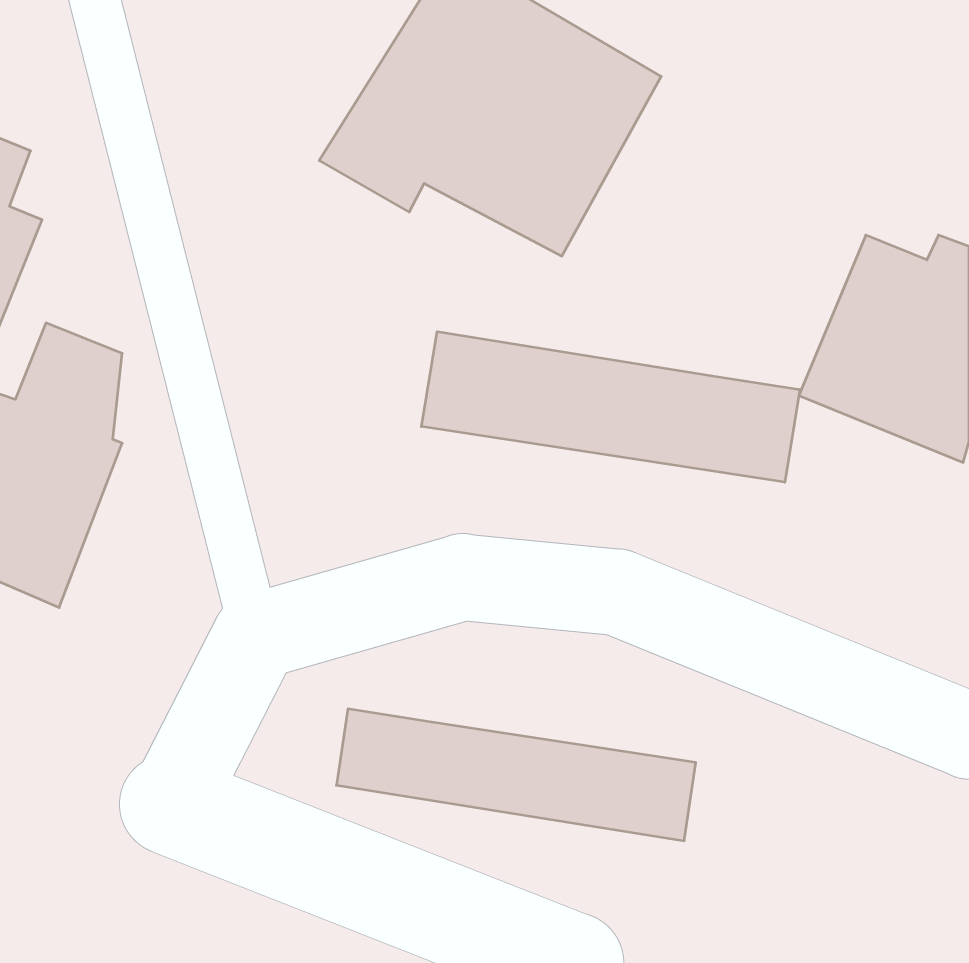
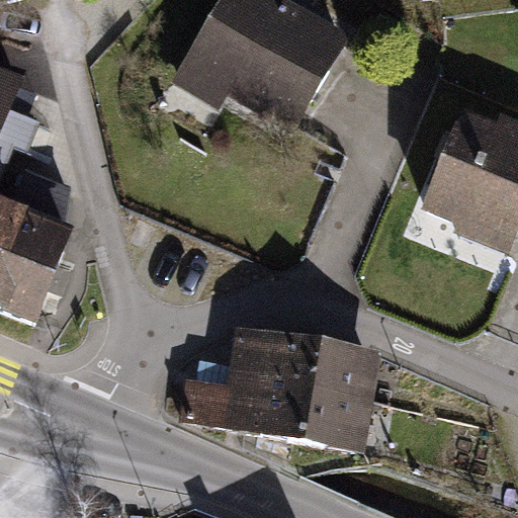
building: [421,332,800,482] -> none
building: none -> [229,328,377,404]

